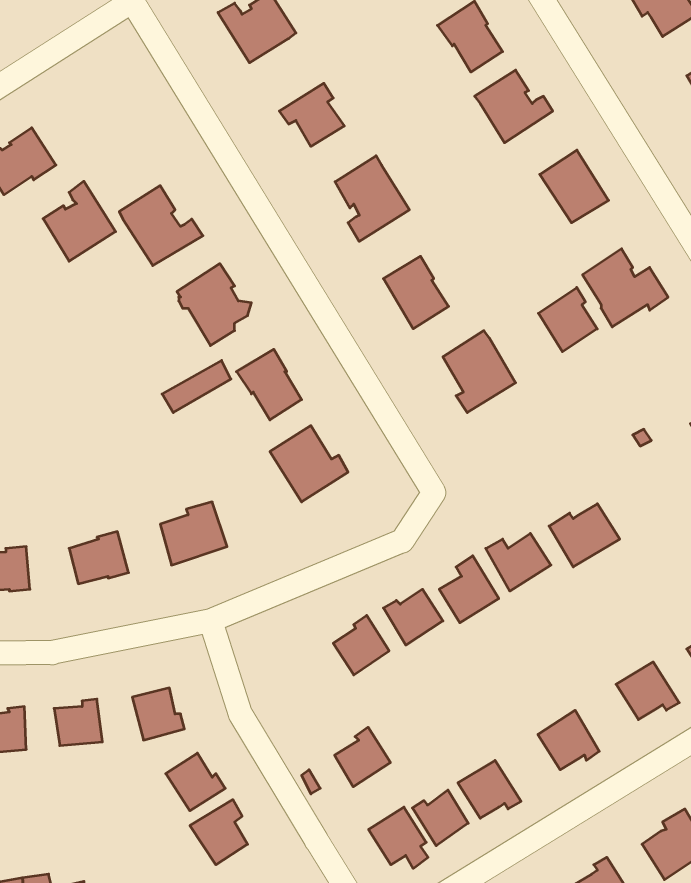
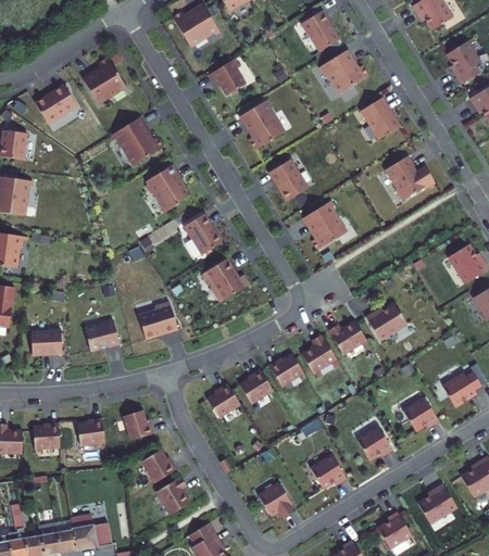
building: [43,181,116,261] -> [83,56,125,103]
building: [538,287,597,352] -> none
building: [335,727,390,787] -> [206,382,239,417]
building: [412,790,468,846] -> none

